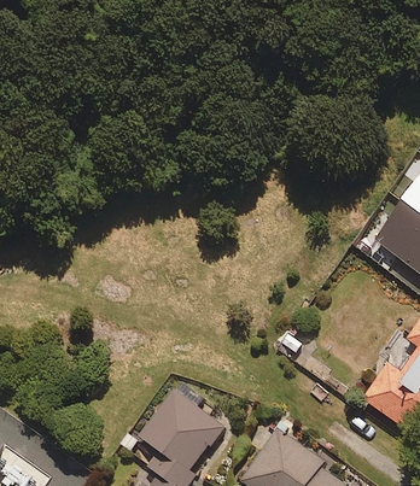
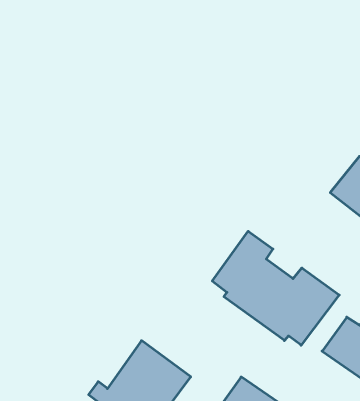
building: none -> [212,231,339,345]

